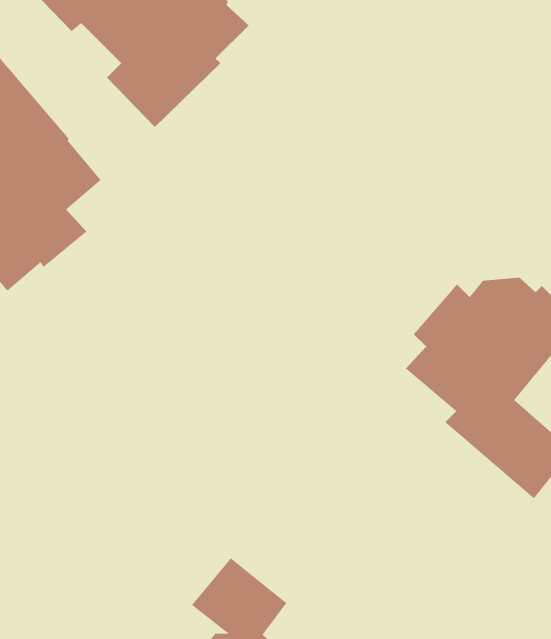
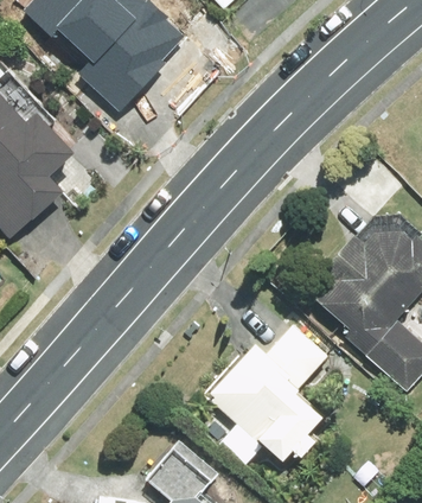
building: none -> [203,325,327,459]

